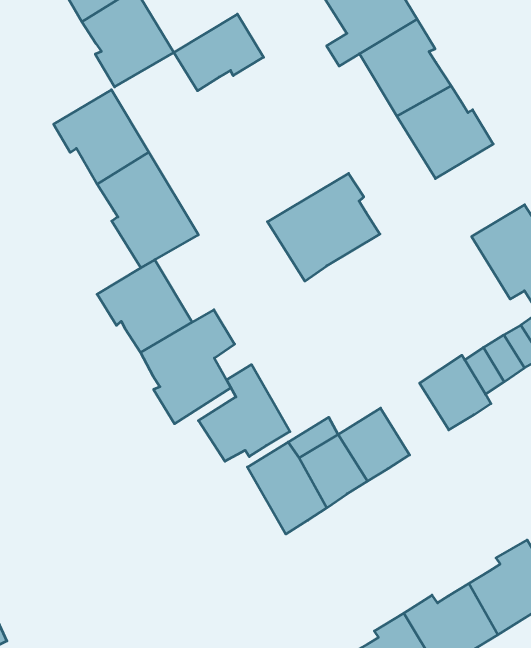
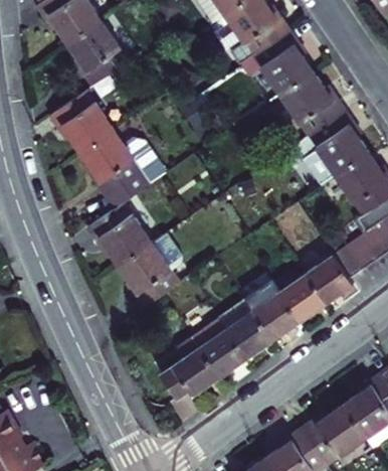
building: [174,14,264,91] -> none
building: [267,173,380,281] -> [292,113,367,186]
building: [198,365,290,461] -> [159,337,220,403]
building: none -> [278,275,325,323]

